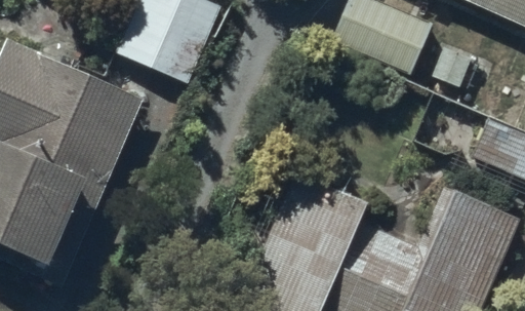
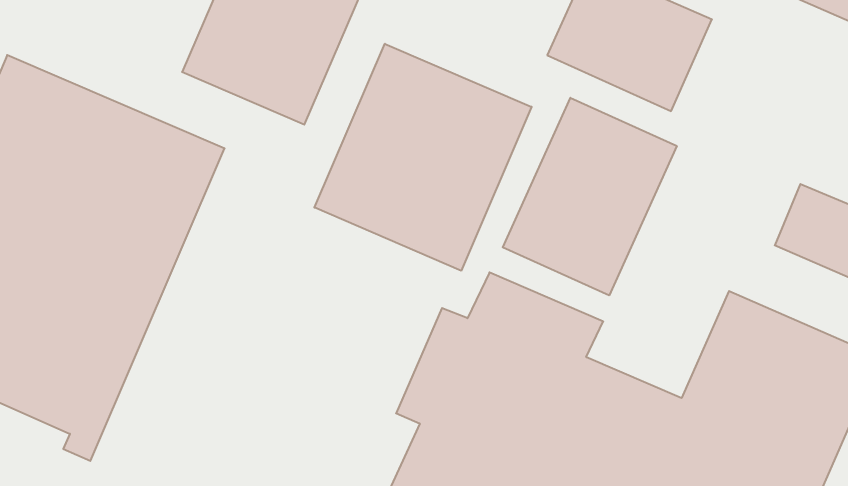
building: none -> [314,44,532,271]
building: none -> [503,98,677,295]

